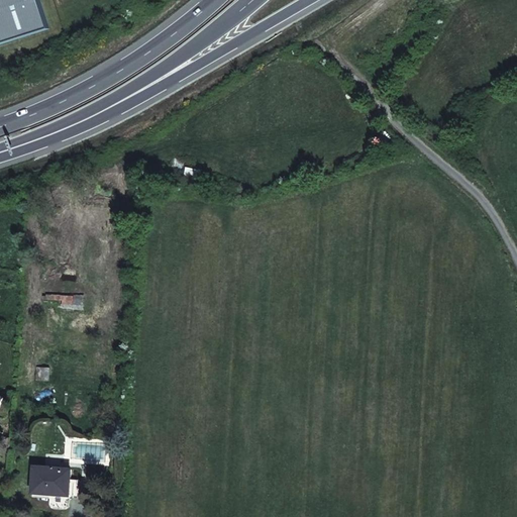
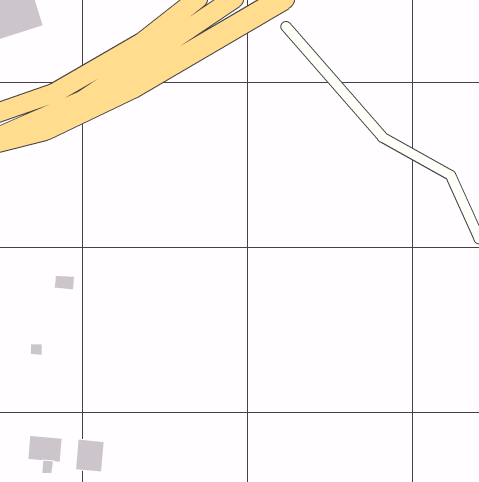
building: none -> [76,439,104,472]

